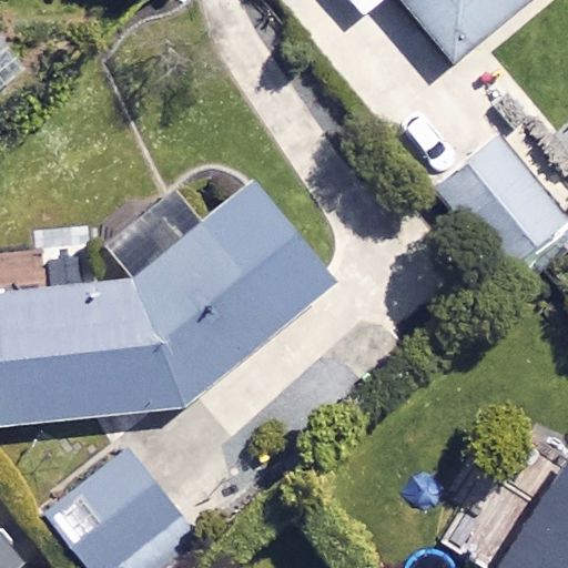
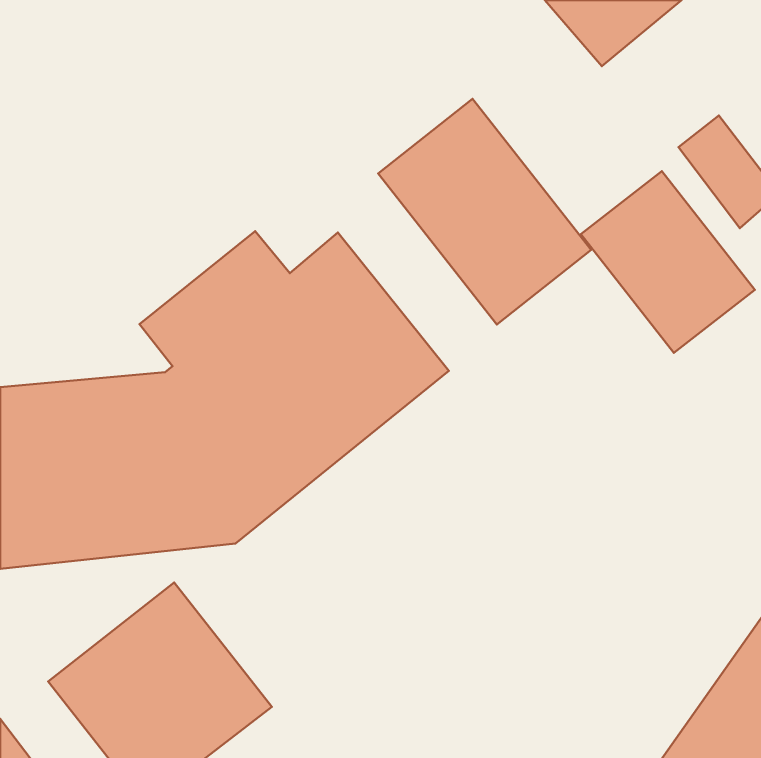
building: none -> [378,99,591,325]

